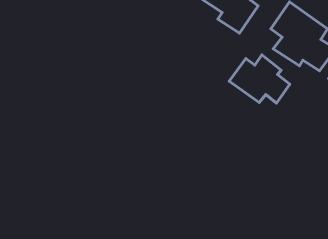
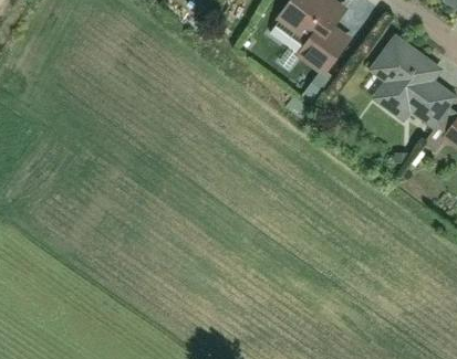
building: [229,55,290,103] -> none

